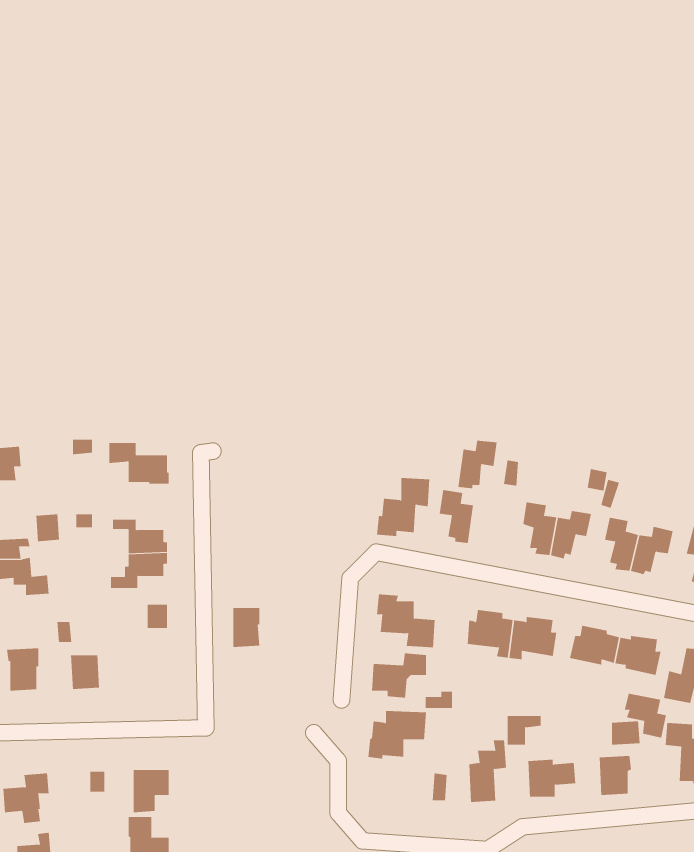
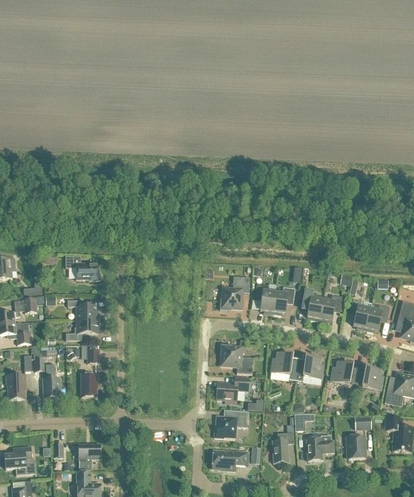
building: [458,440,498,489] -> [272,286,295,314]
building: [232,608,260,648] -> [81,373,97,396]
building: [624,693,667,738] -> none
building: none -> [212,450,248,470]

